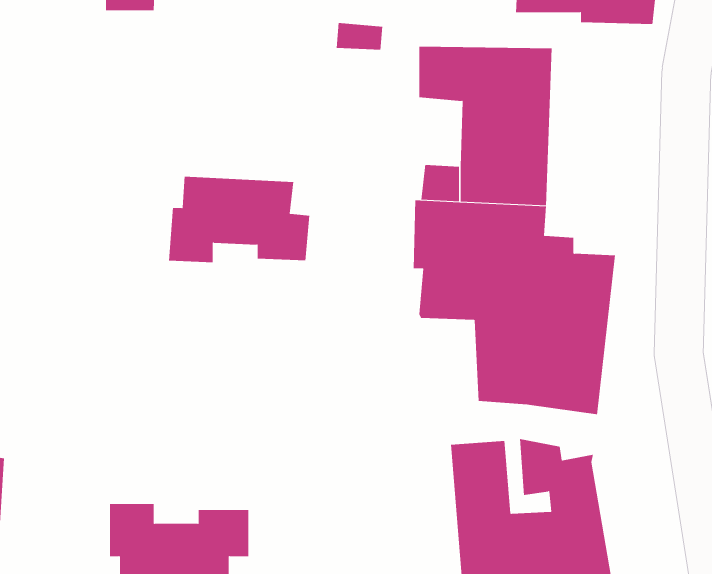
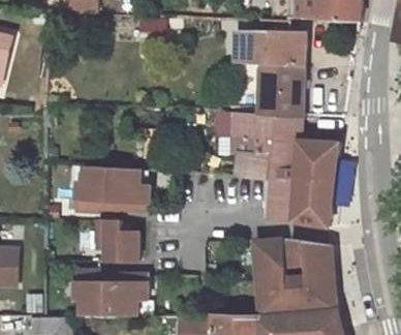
building: [168,176,310,263] -> [73,164,148,210]
building: none -> [96,220,136,261]

